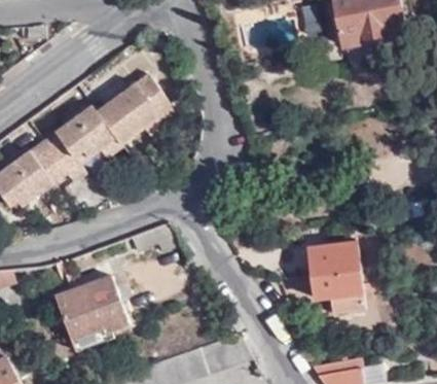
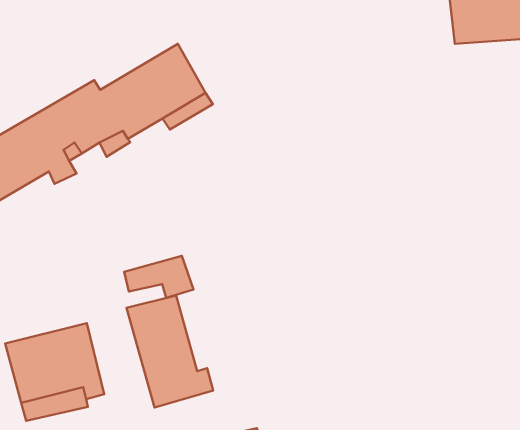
building: [306,240,364,311] -> none
building: none -> [127,295,213,408]

